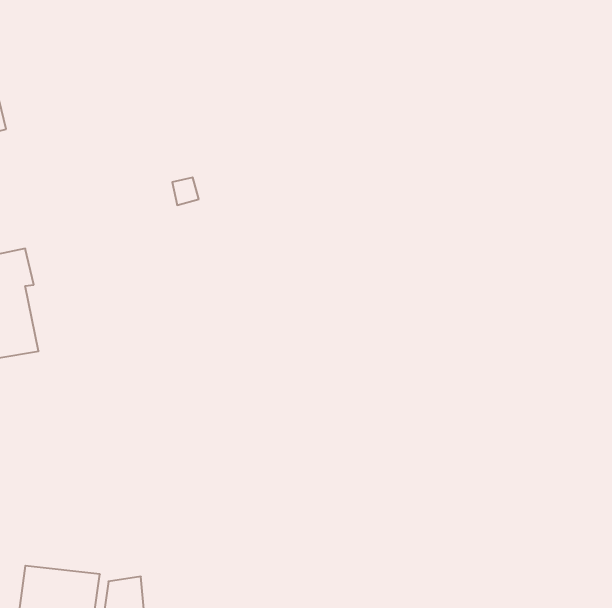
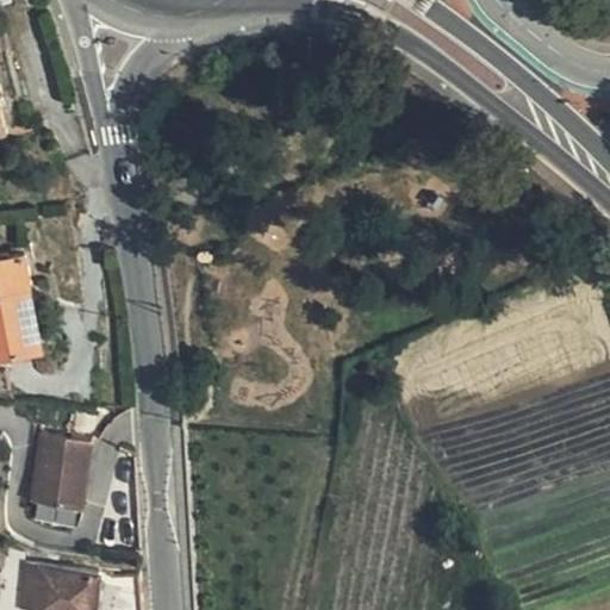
building: none -> [29,436,89,512]

